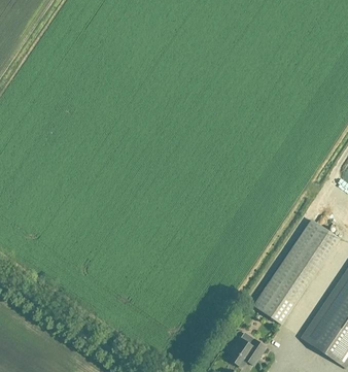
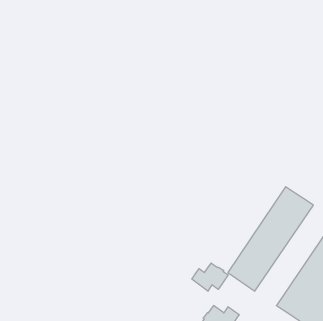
building: none -> [192,263,228,291]

